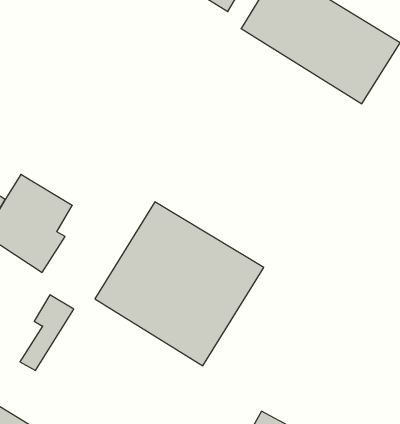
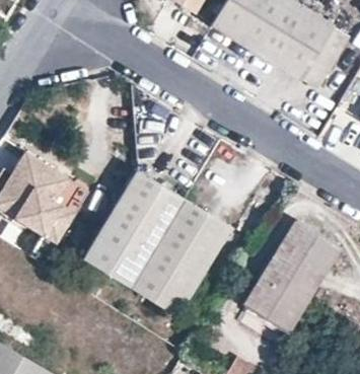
building: none -> [243,216,338,325]
building: [20,295,74,370] -> [45,177,90,241]

